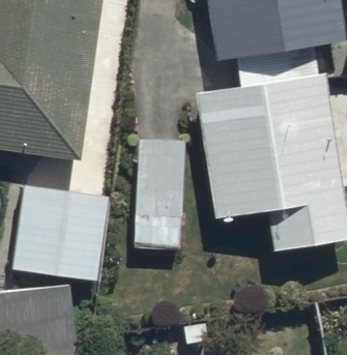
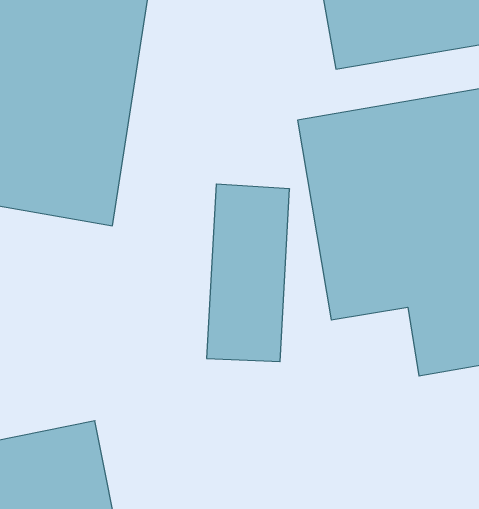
building: [15,183,108,280] -> none

